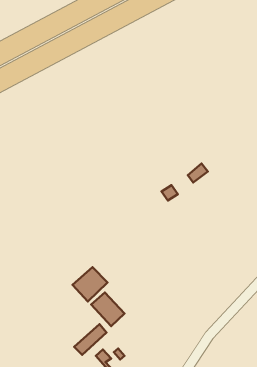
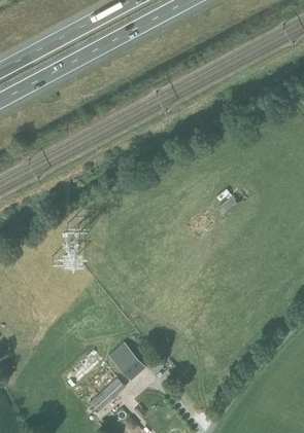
building: [73,267,108,301] -> none

